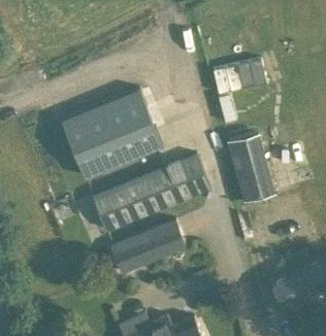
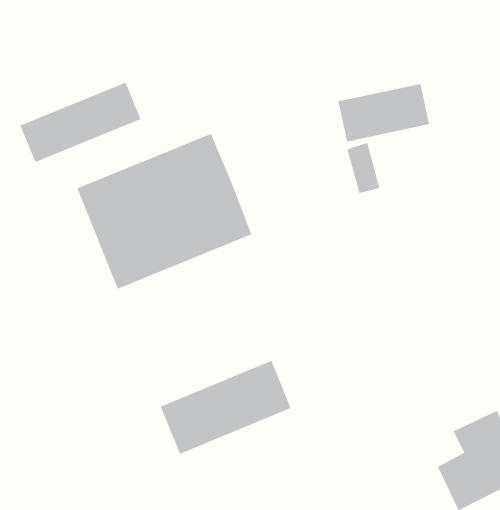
building: none -> [19,82,141,163]
building: [228,133,276,203] -> none
building: [92,155,210,233] -> none

